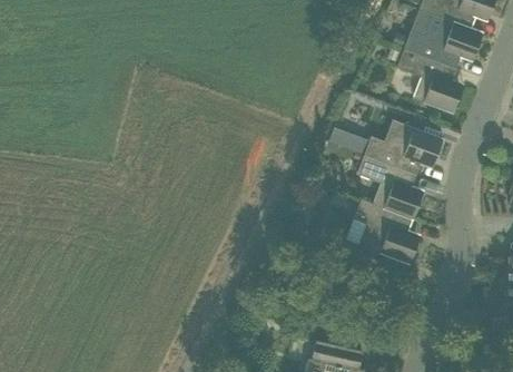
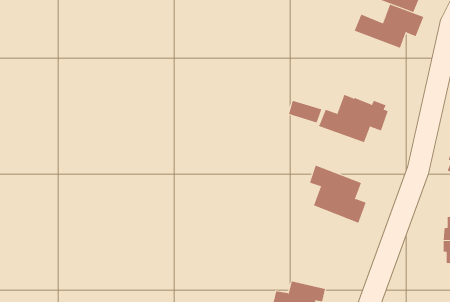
building: [396,49,461,114] -> none
building: [356,156,421,219] -> none

